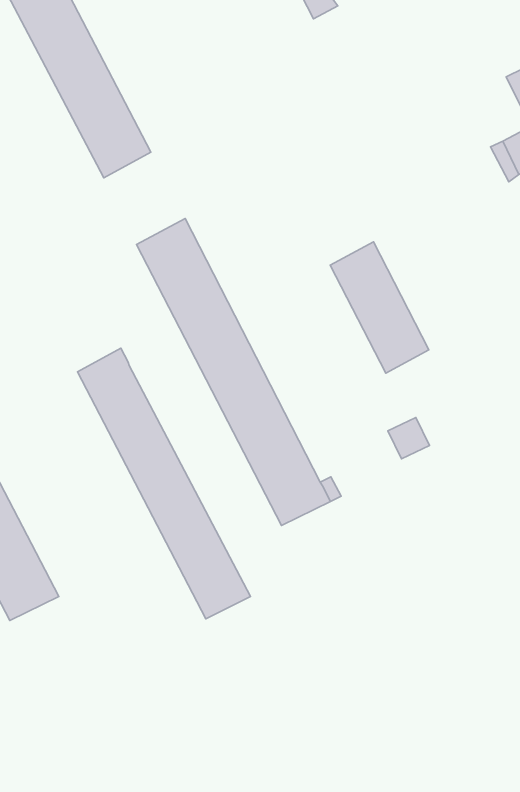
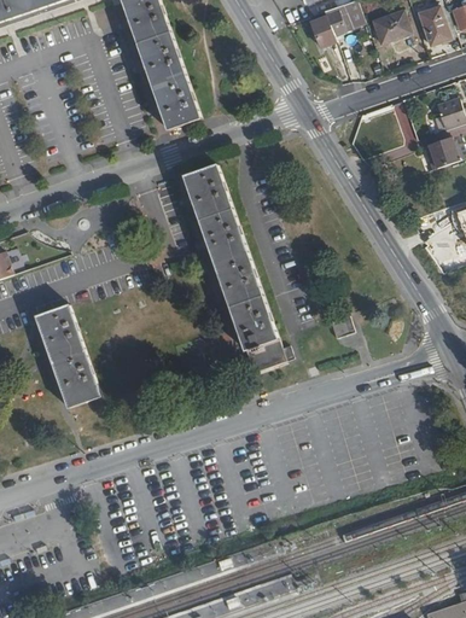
building: [330,242,429,373] -> none
building: [77,348,250,619] -> none

